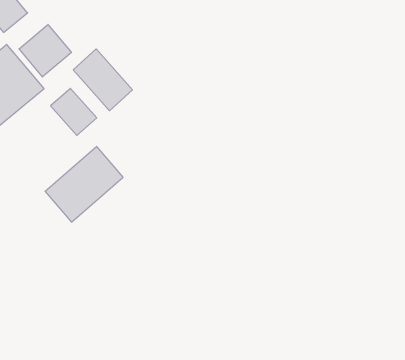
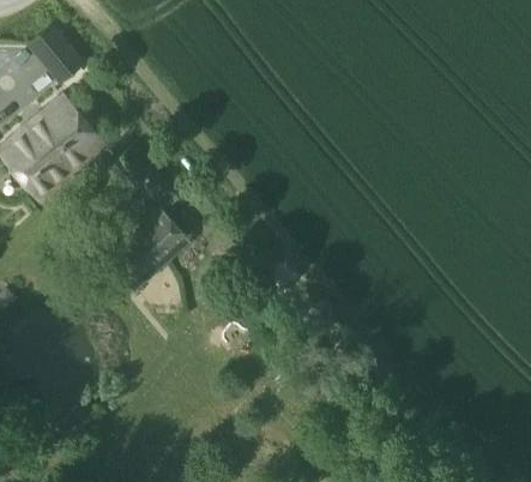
building: [19,24,71,77] -> none
building: [73,49,132,111] -> none

